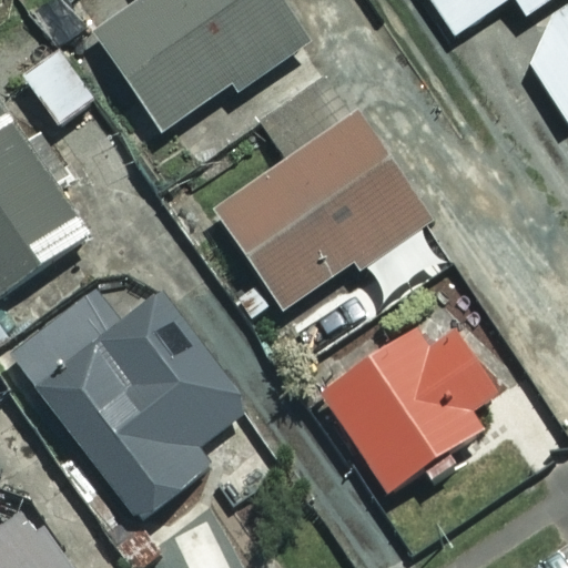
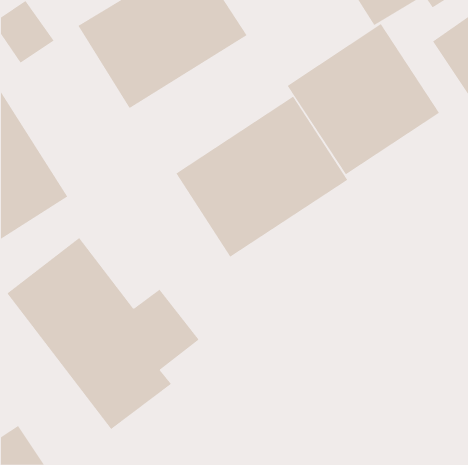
building: none -> [287,23,440,175]
building: [321,308,496,490] -> none

